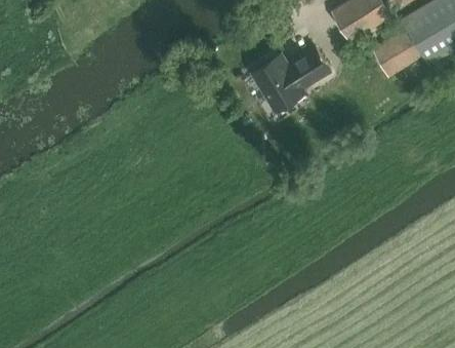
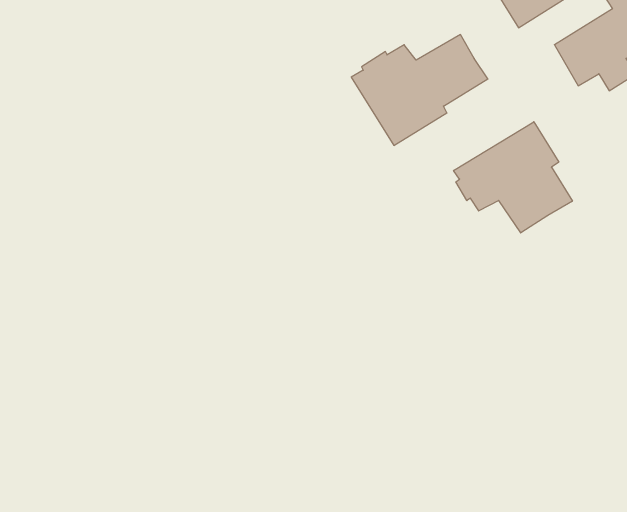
building: none -> [454,122,572,233]

